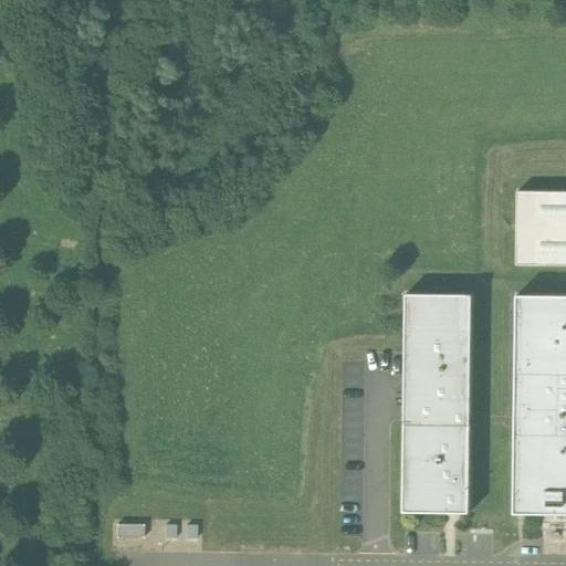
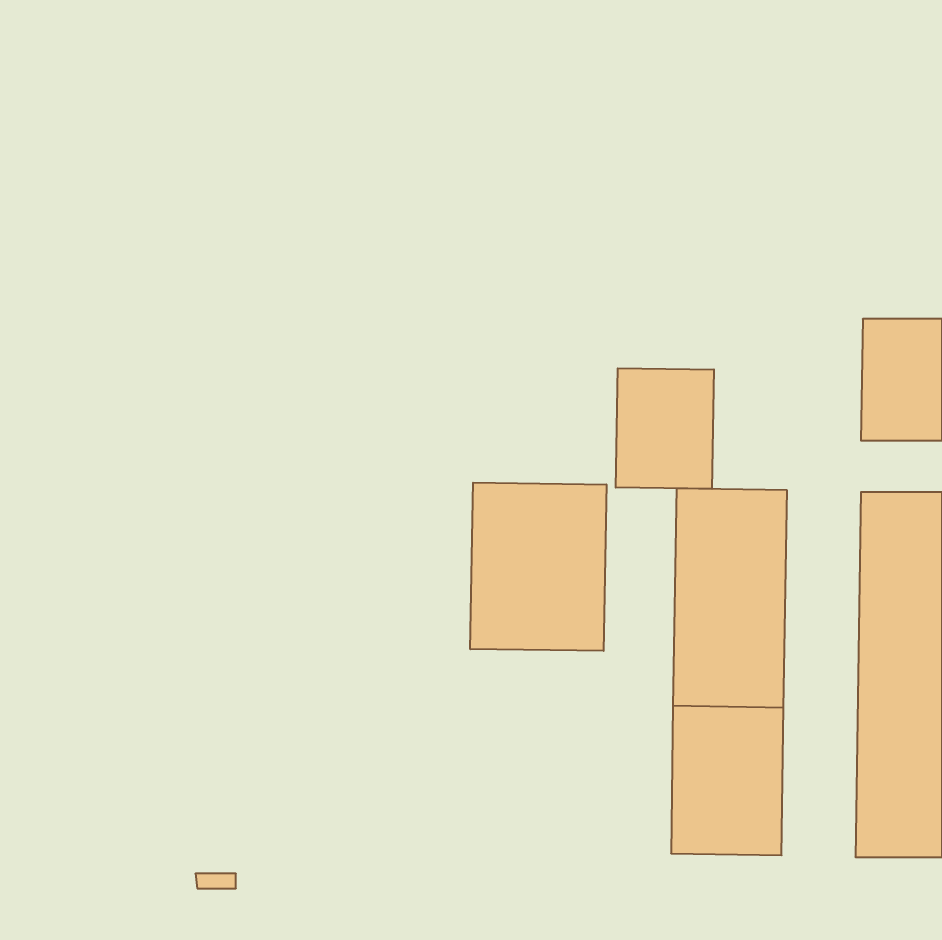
building: none -> [616,368,714,489]
building: none -> [470,483,606,651]

